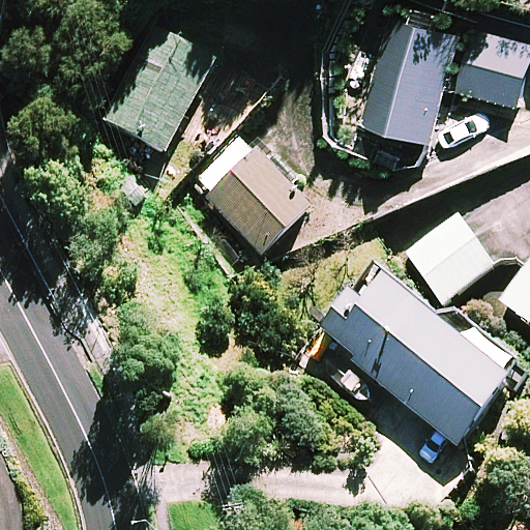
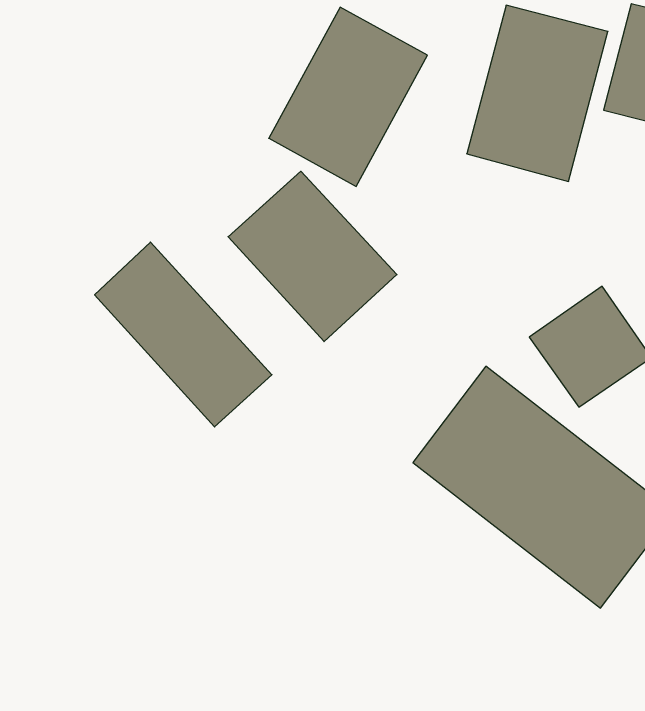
building: [105,26,217,153] -> [269,7,427,186]
building: none -> [95,242,272,427]

